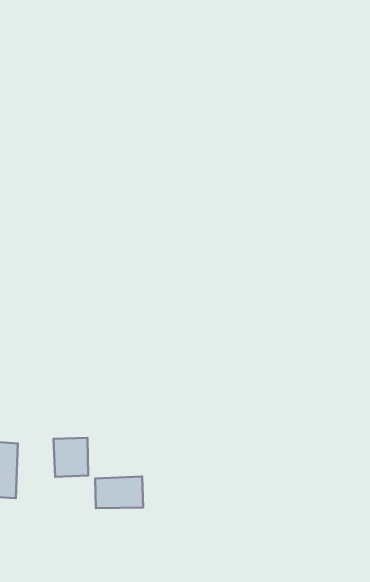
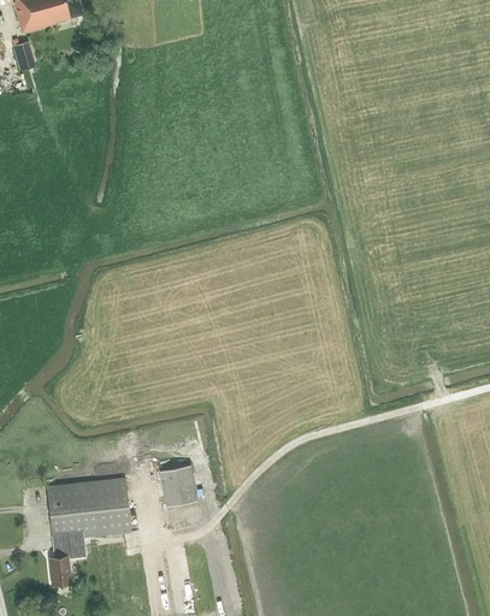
building: [95,477,143,508] -> none

